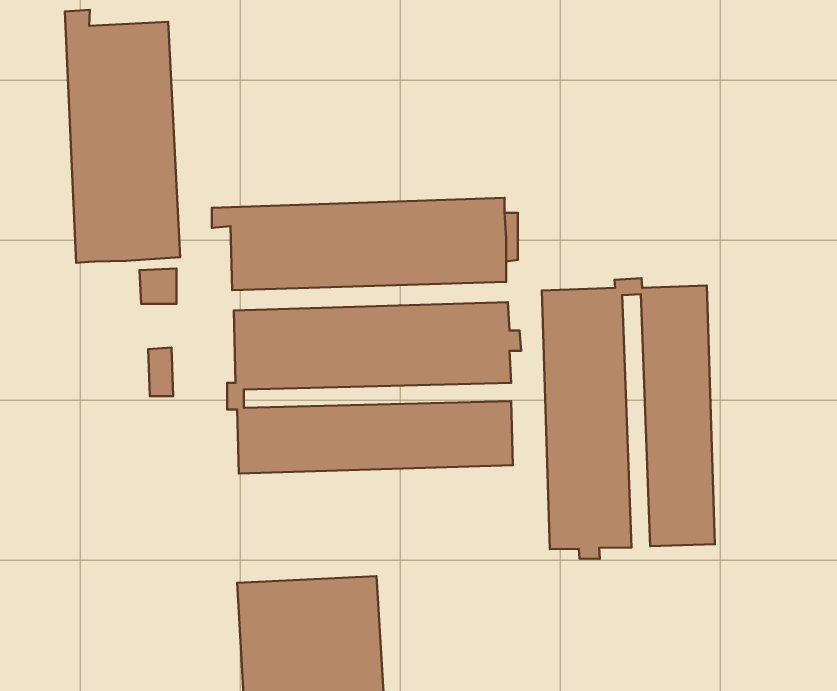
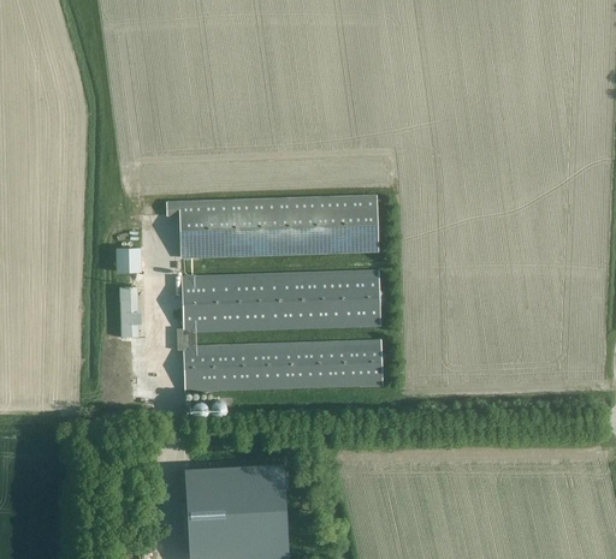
building: [65,10,180,263] -> none
building: [542,278,715,559] -> none

